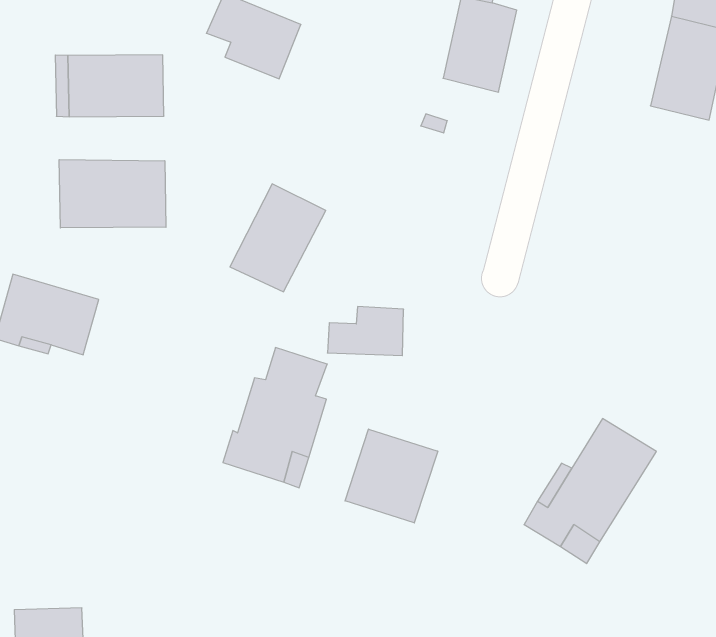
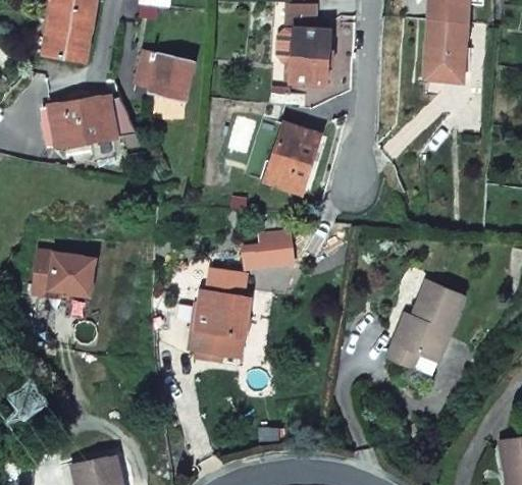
building: [59,160,166,228] -> none
building: [230,184,326,292] -> [265,123,320,191]
building: [345,429,438,523] -> none

